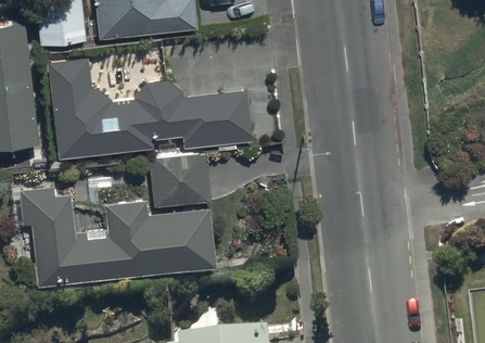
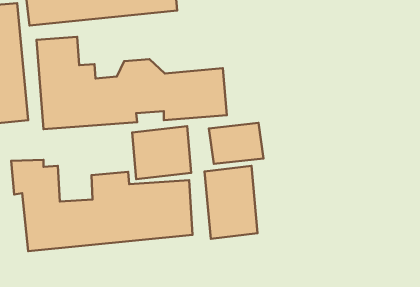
building: none -> [209,123,264,164]
building: none -> [205,166,258,239]

